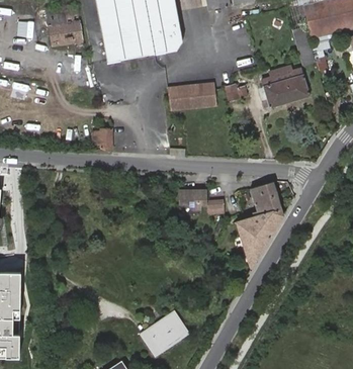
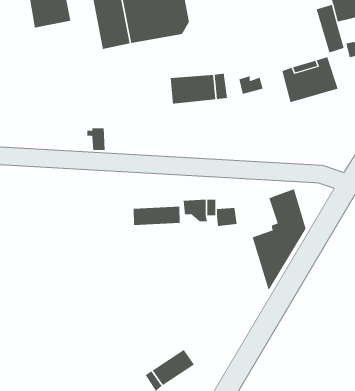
building: none -> [133,206,180,226]

